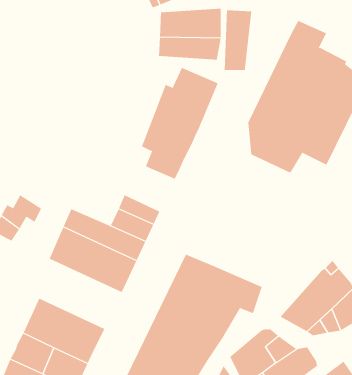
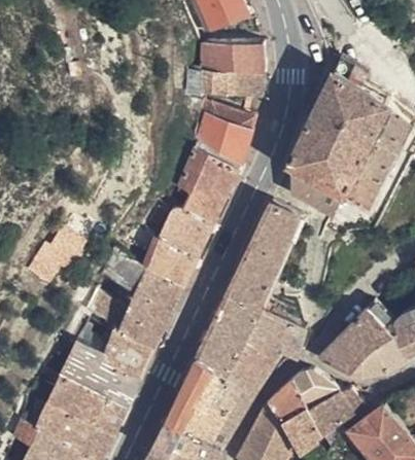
building: [224,9,252,71] -> none
building: none -> [227,199,301,308]
building: none -> [164,204,216,251]
building: none -> [70,299,162,371]

